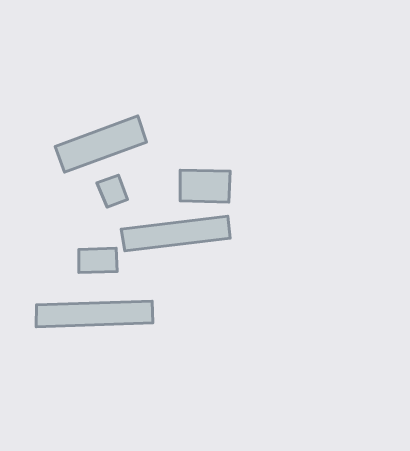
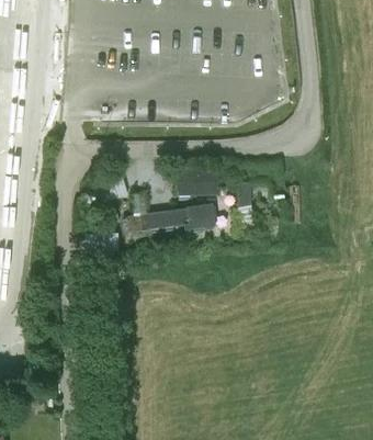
building: [55,116,146,172] -> none
building: [36,301,153,327] -> none

